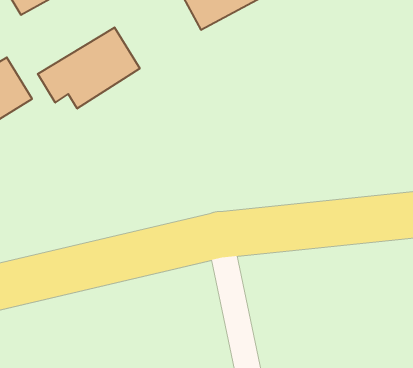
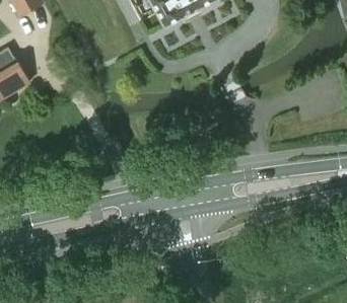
building: [38,27,140,109] -> none

